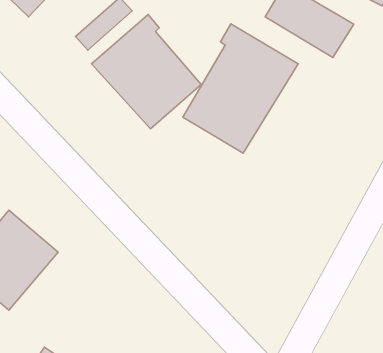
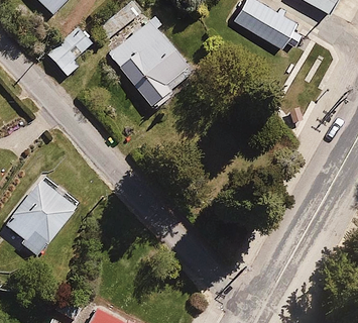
building: [183,24,298,153] -> none
building: none -> [45,25,92,76]

